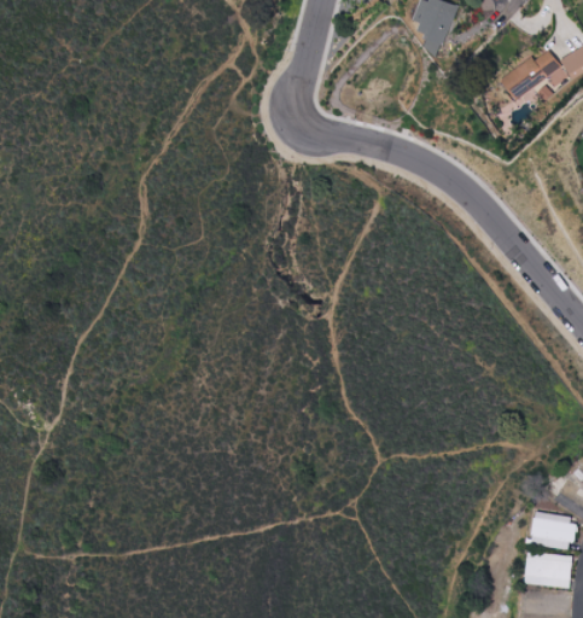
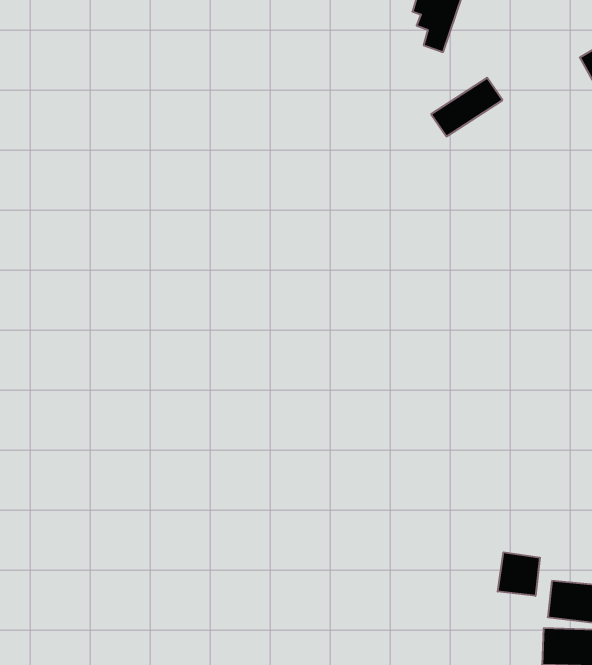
building: [500,49,561,100] -> [431,78,502,136]
building: none -> [498,552,540,596]

